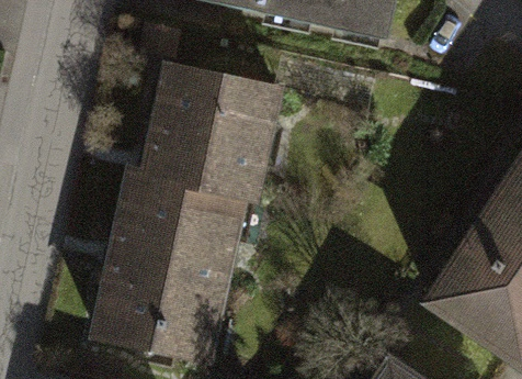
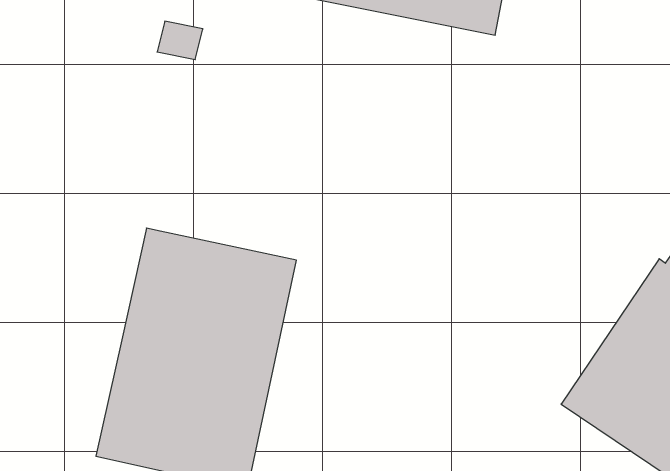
building: [144,66,276,199] -> none

